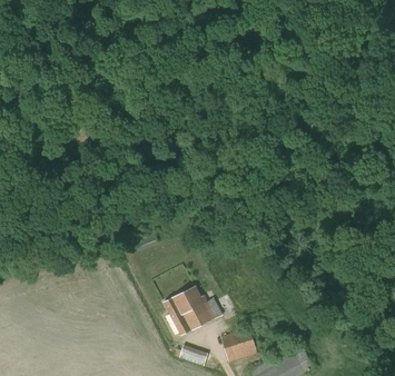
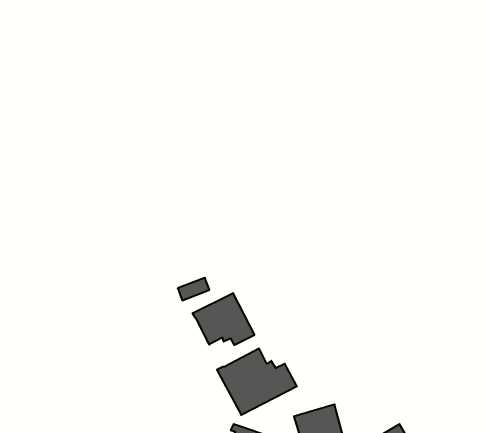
building: none -> [193,293,254,345]

